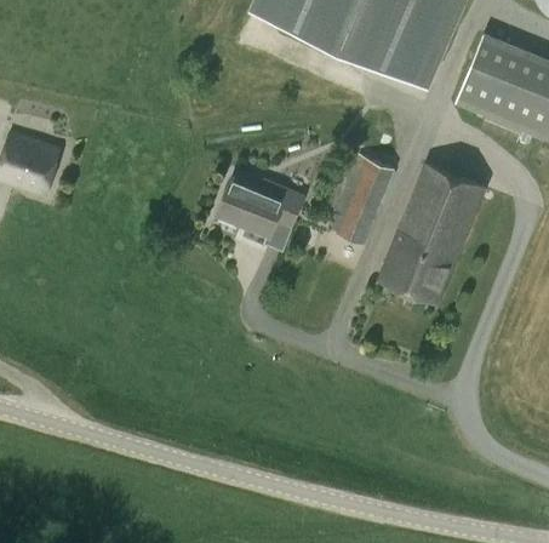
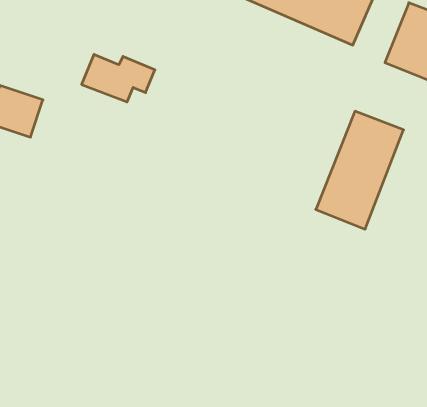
building: [330,155,393,242] -> none
building: [216,178,302,234] -> [82,54,155,102]

